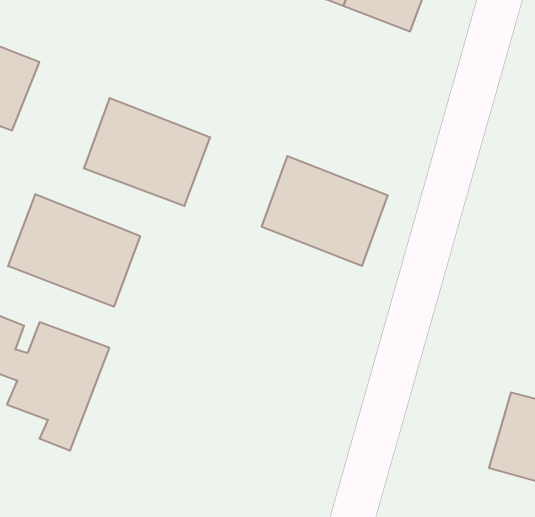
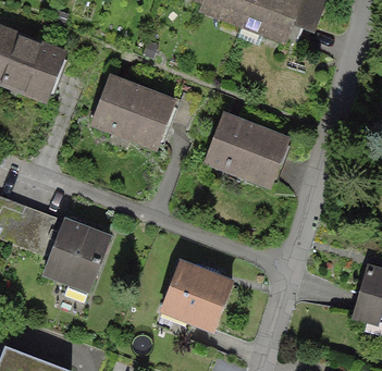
building: [8,194,140,307] -> none
building: none -> [157,263,232,336]

